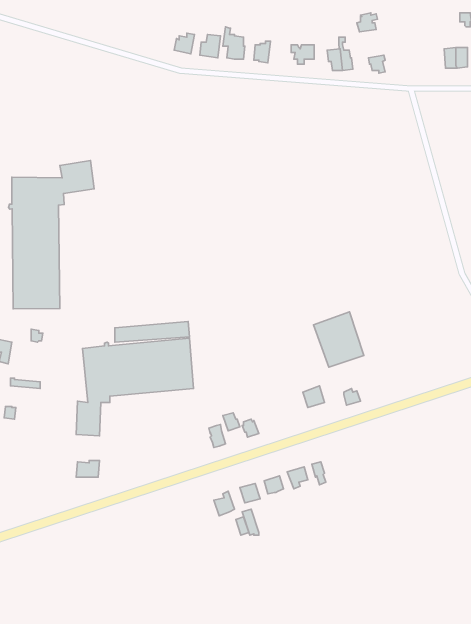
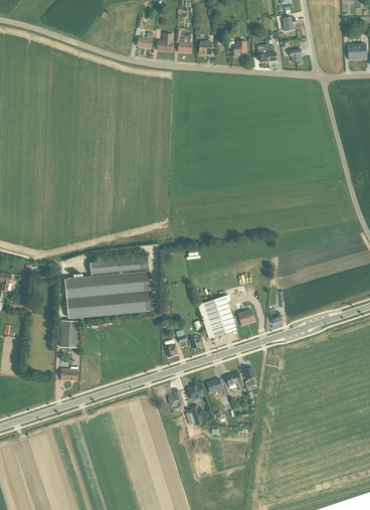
building: [9,160,94,309] -> none
building: [314,312,364,367] -> [197,295,236,338]

